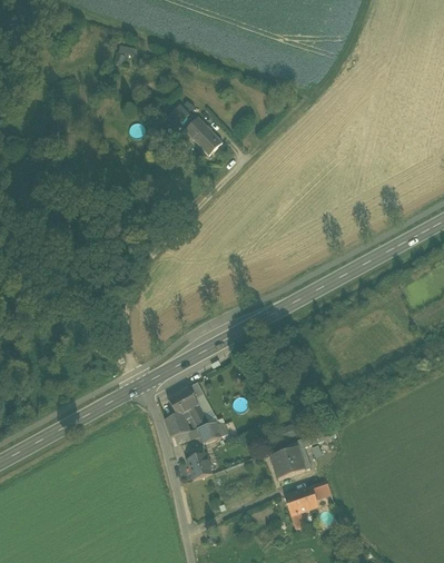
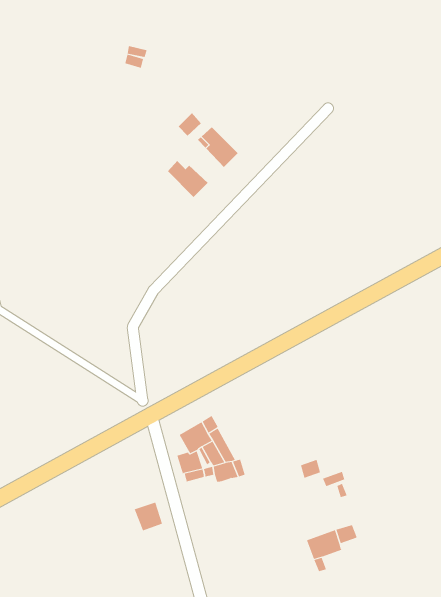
building: none -> [167,160,208,198]
building: [272,447,307,480] -> none
building: [184,453,210,480] -> [134,502,163,531]

